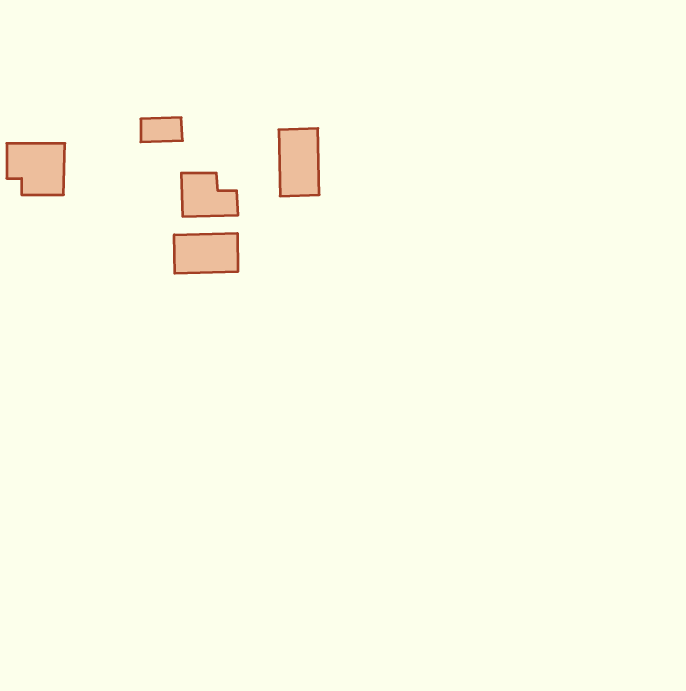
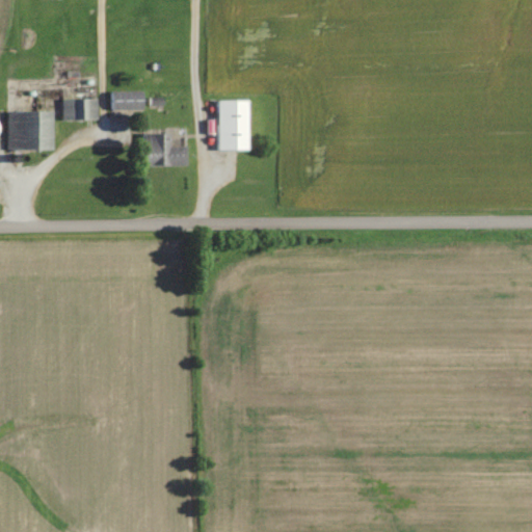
building: none -> [63,98,99,121]
building: [174,233,238,273] -> none

